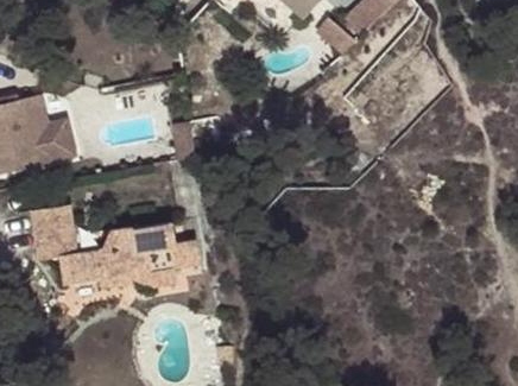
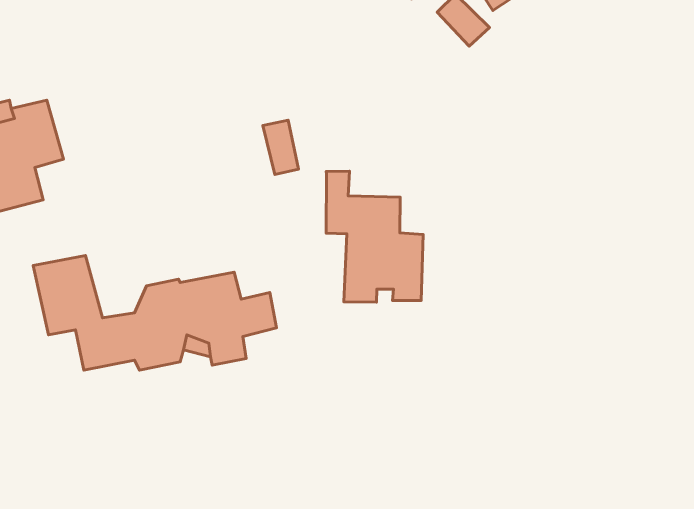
building: none -> [326,171,423,302]

